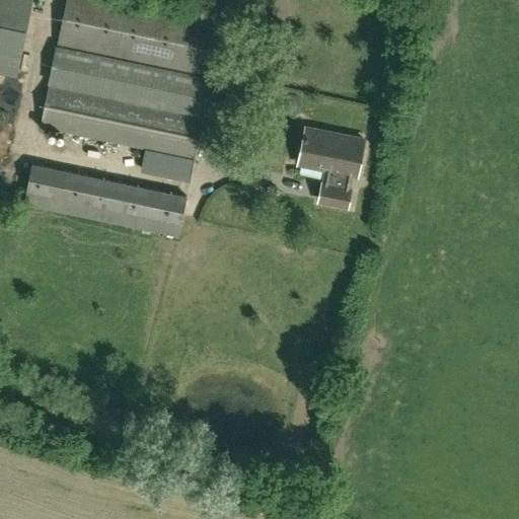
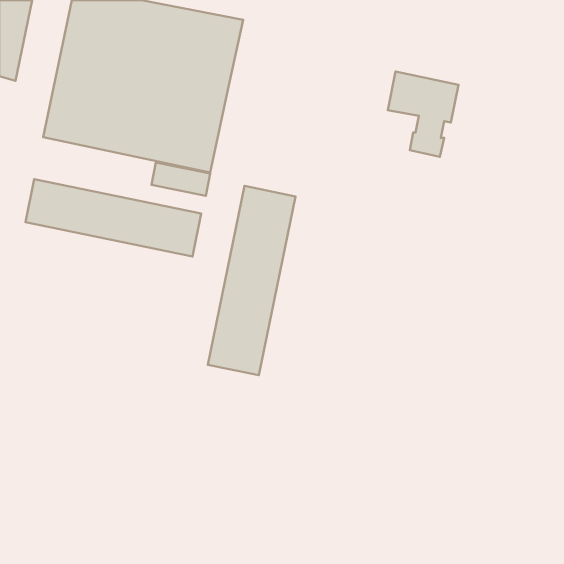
building: [298,129,363,207] -> [388,72,459,157]
building: none -> [208,186,296,375]

